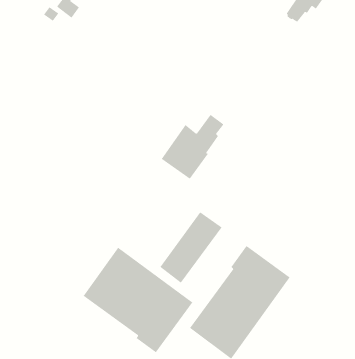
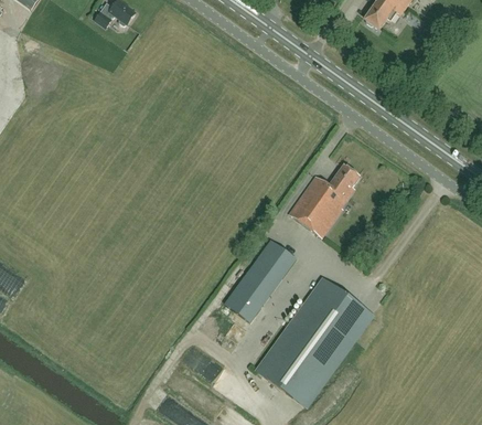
building: [161,114,225,179] -> [288,164,360,237]
building: [83,247,193,353] -> none

